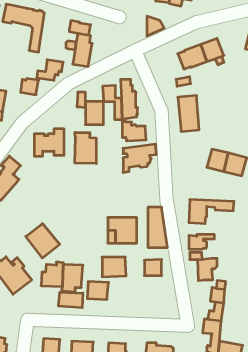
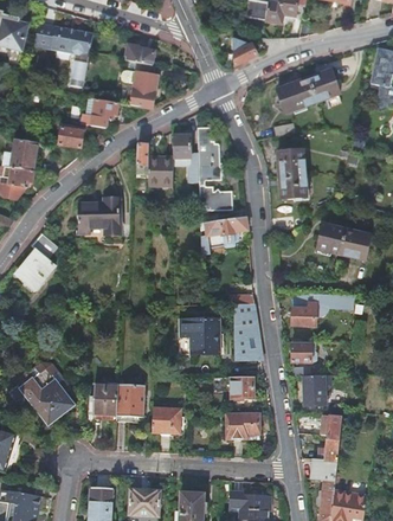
building: [75,132,96,164] -> none
building: [26,224,60,258] -> none
building: [102,257,126,277] -> [226,412,259,439]
building: [59,292,83,308] -> none

